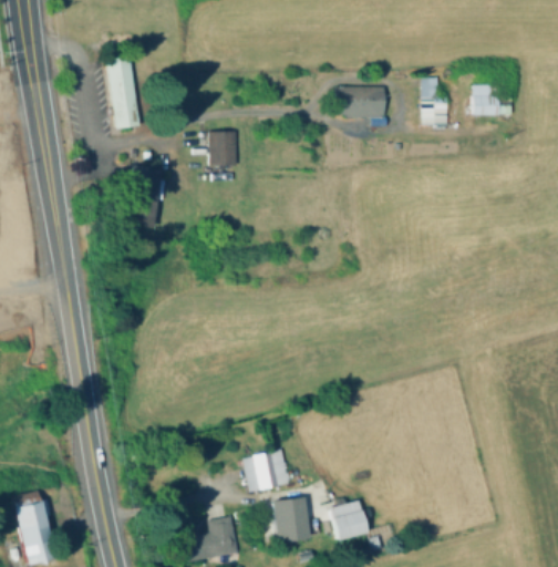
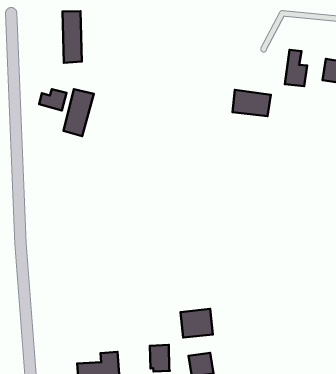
building: [334,85,384,116] -> [232,90,271,116]
building: [207,131,236,166] -> none
building: none -> [39,89,67,111]
building: [241,449,289,492] -> [181,309,213,337]

